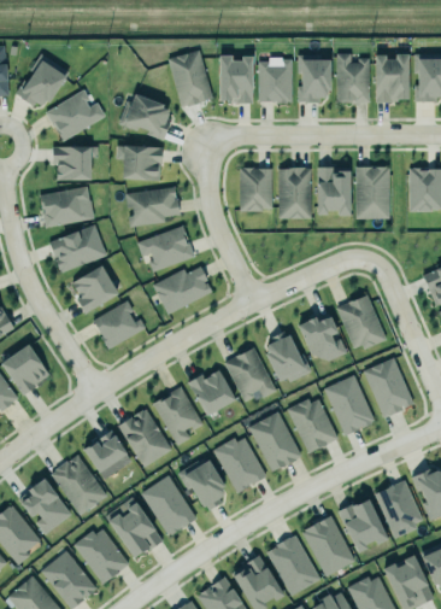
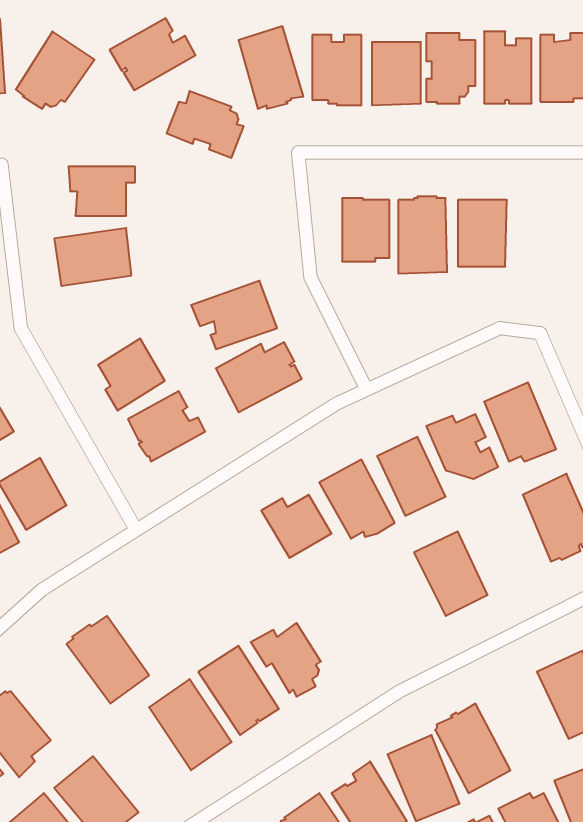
building: [45,90,104,140] -> [110,18,196,90]
building: [117,147,161,181] -> none
building: [355,166,389,218] -> none
building: [128,189,180,228] -> none
building: [48,224,106,271] -> none
building: [327,376,374,435] -> none
building: [154,388,204,446] -> none
building: [119,409,172,469] -> none
building: [248,411,301,470] -> none
building: [82,429,125,473] -> none
building: [212,438,265,493] -> none
building: [19,478,70,534] -> none
building: [340,499,388,554] -> none
building: [72,529,128,584] -> none

